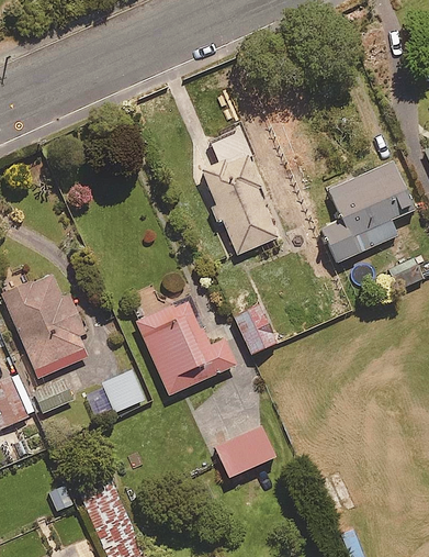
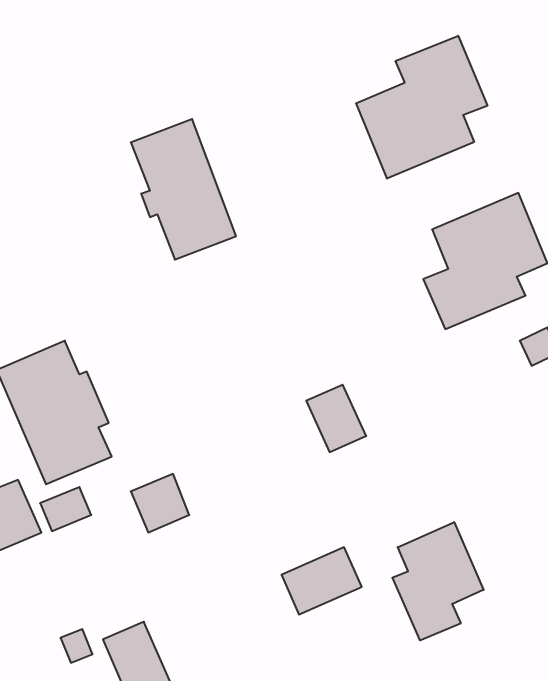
building: none -> [356,36,487,179]
building: [202,149,281,255] -> [131,119,236,260]
building: [136,298,233,394] -> none
building: none -> [392,522,484,640]

